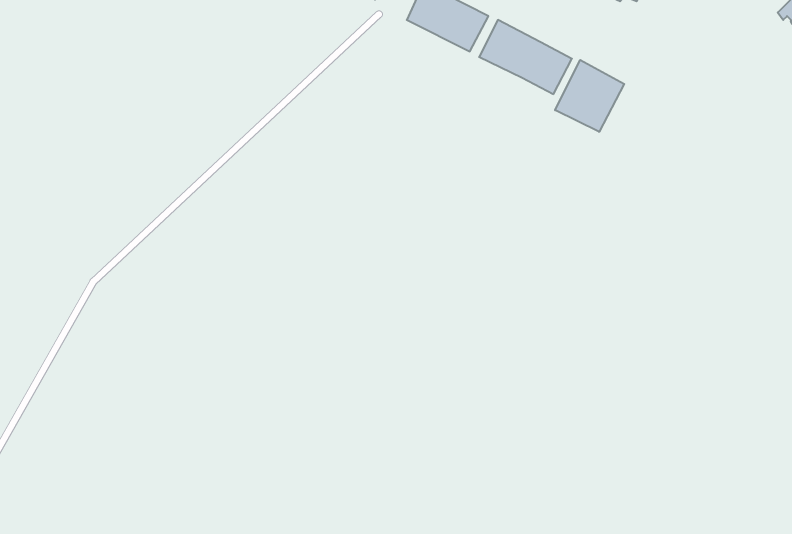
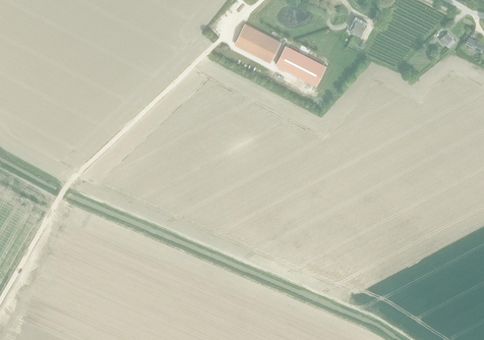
building: [555,60,624,132] -> none

